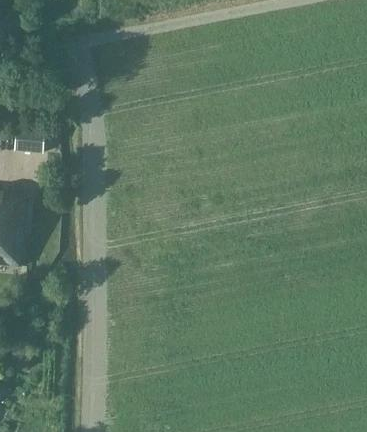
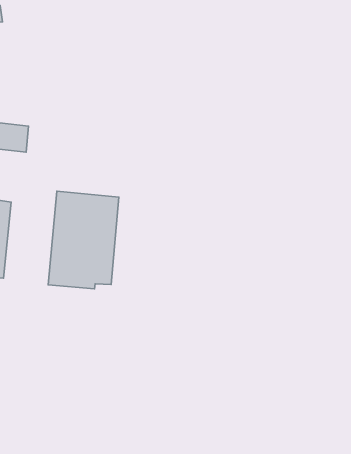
building: none -> [48,191,119,289]

